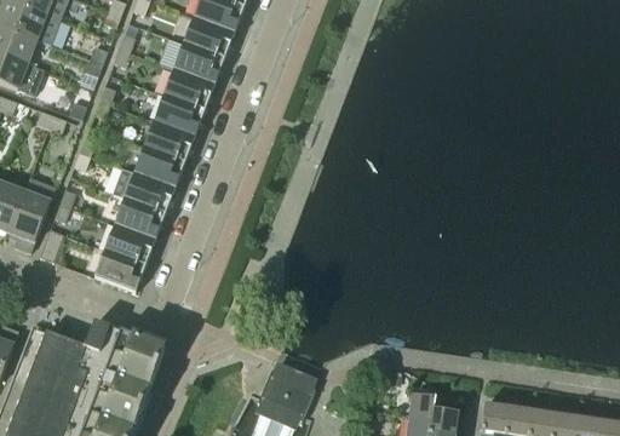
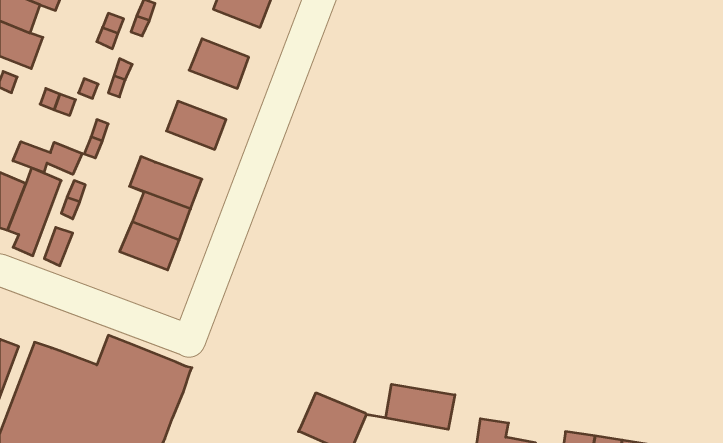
building: [174,41,224,82] -> none
building: [154,93,205,136] -> none
building: [134,145,185,187] -> none
building: none -> [13,142,82,174]
building: [94,248,145,291] -> none
building: none -> [367,384,455,429]

